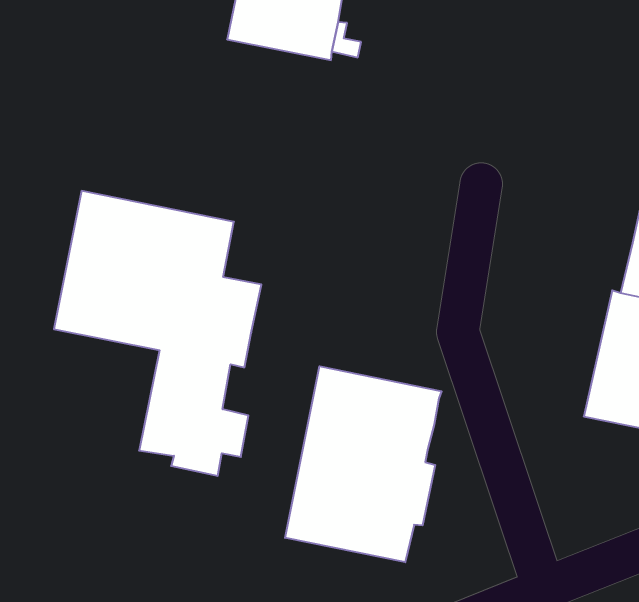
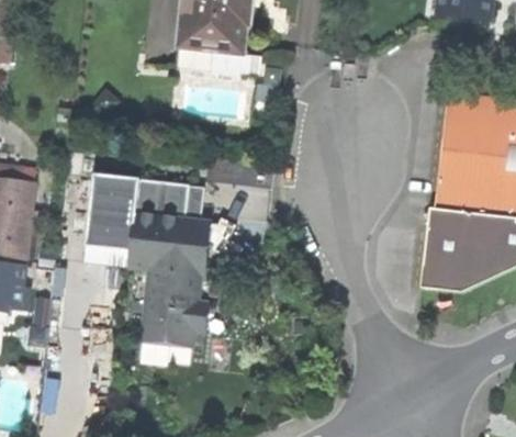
building: [285,366,442,562] -> none

